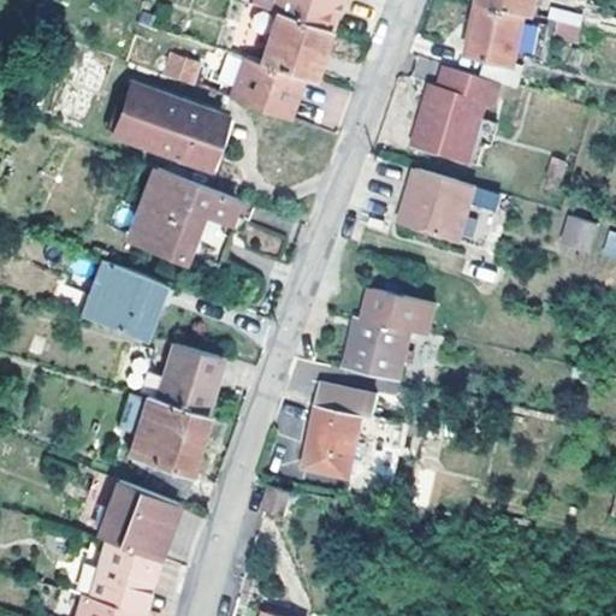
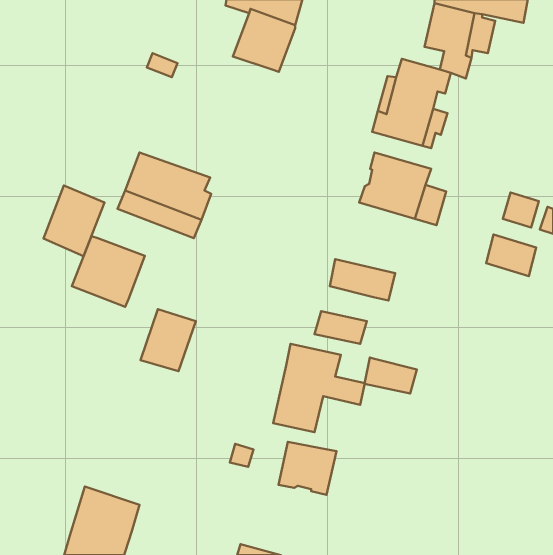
building: [229,58,301,120] -> none
building: [117,87,220,164] -> none
building: none -> [44,186,104,256]
building: none -> [486,234,536,276]
building: [355,315,413,355] -> [365,358,417,393]
building: [126,396,203,497] -> none
building: [95,479,174,556] -> none
building: none -> [278,442,336,495]

